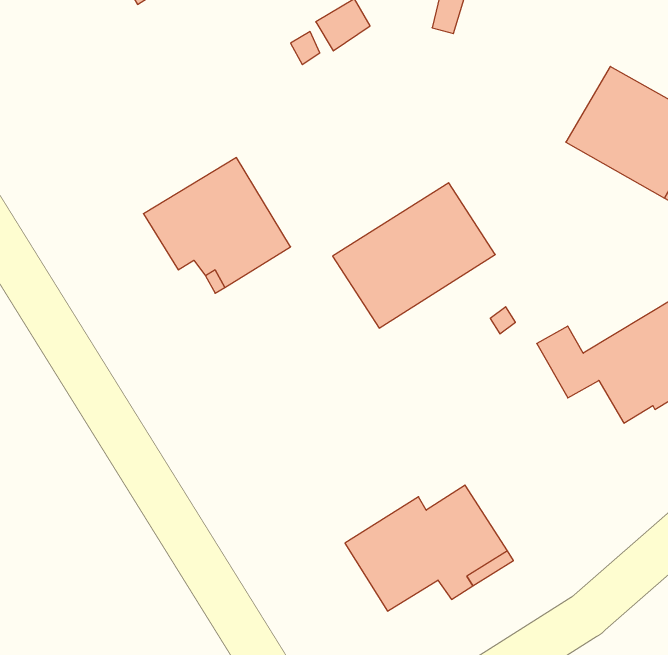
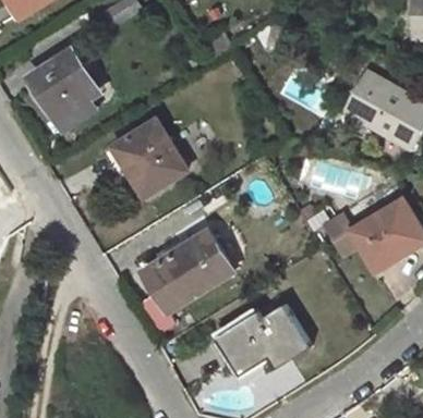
building: none -> [34,51,96,128]
building: [333,183,495,328] -> [142,230,233,311]

